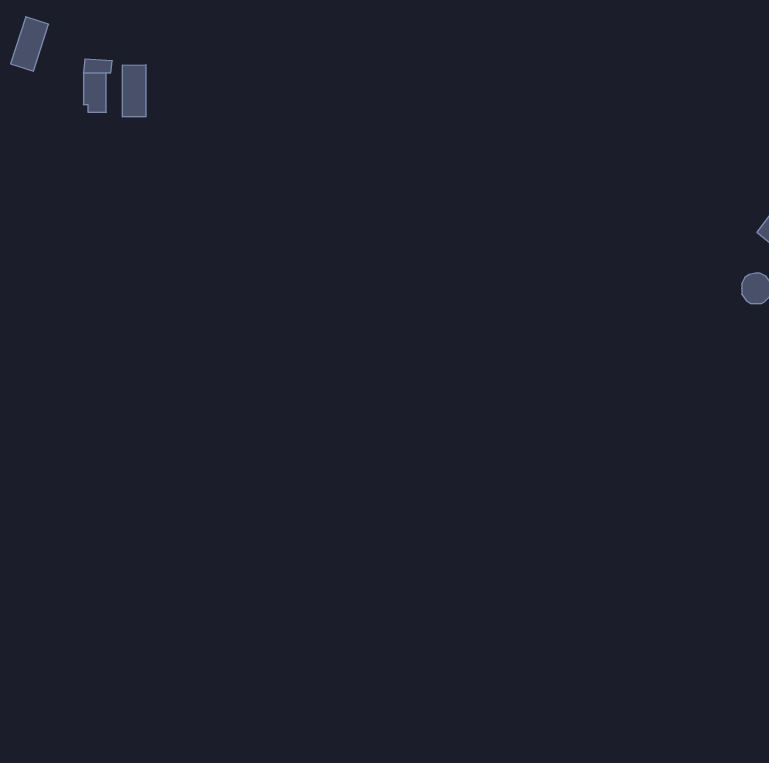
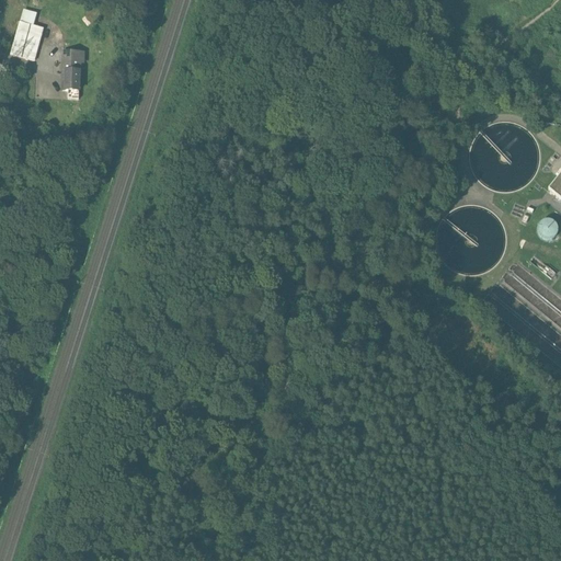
building: [123,65,146,117] -> none

